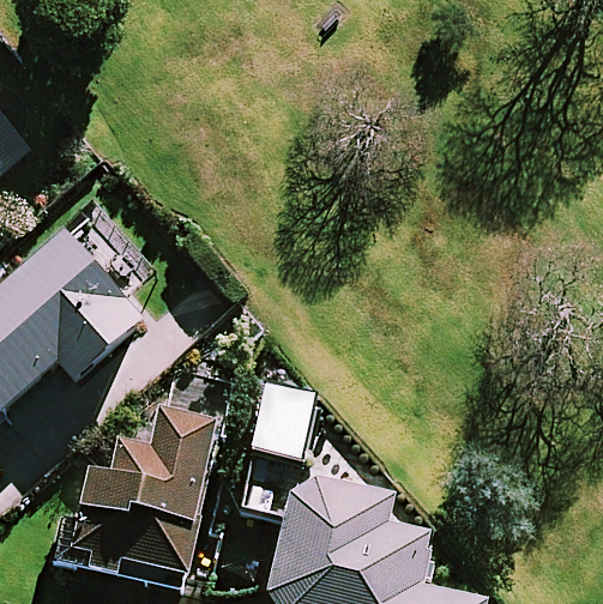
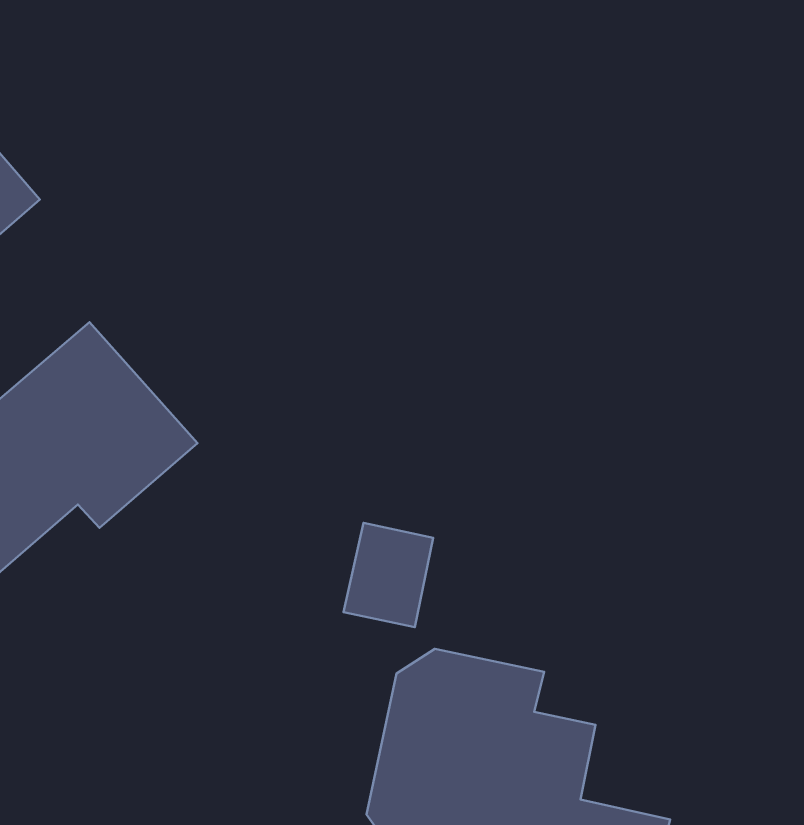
building: [53,410,216,586] -> none

